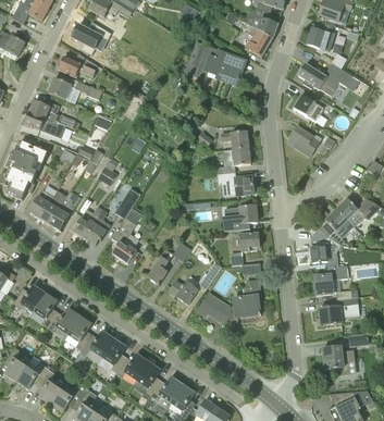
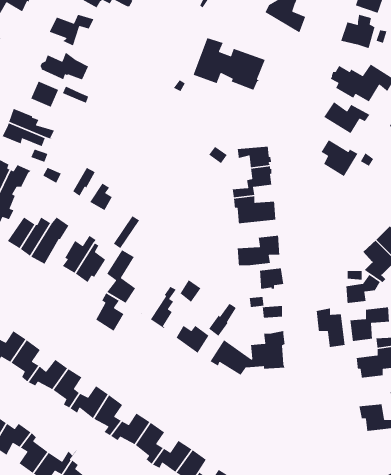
building: [240,21,273,58] -> none
building: none -> [95,292,124,332]
building: none -> [316,307,345,348]

